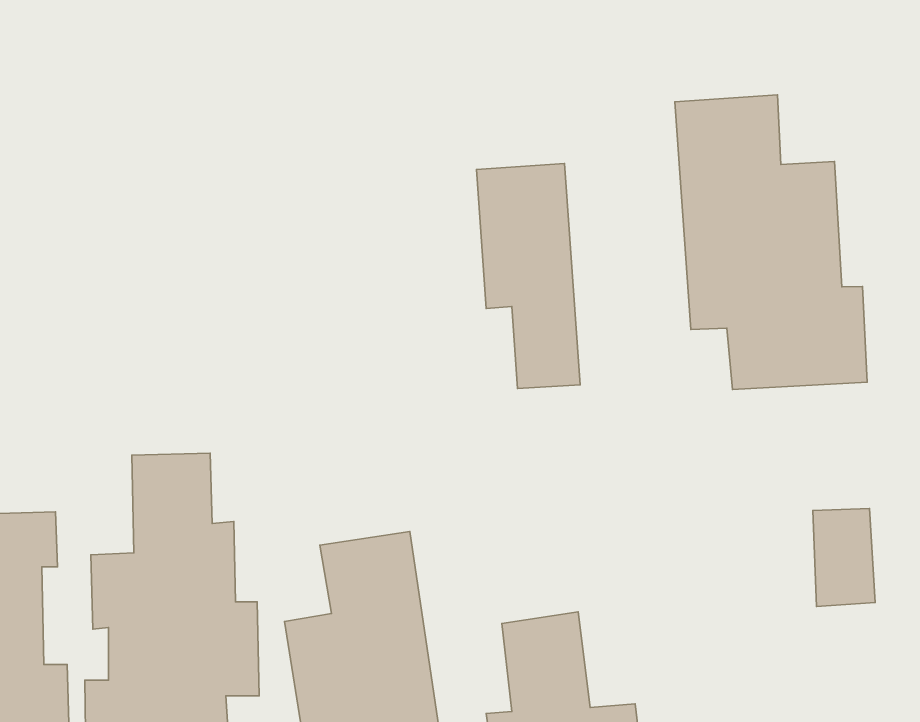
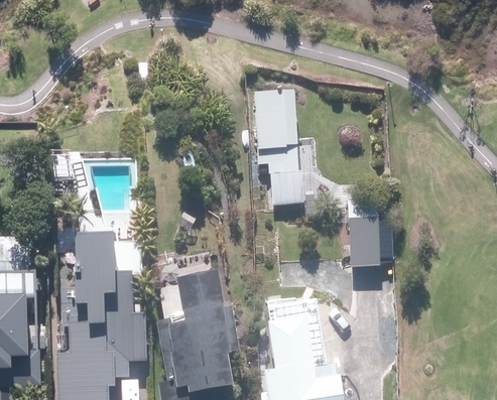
building: [675,95,867,389] -> none
building: [813,509,875,607] -> [350,214,382,264]

